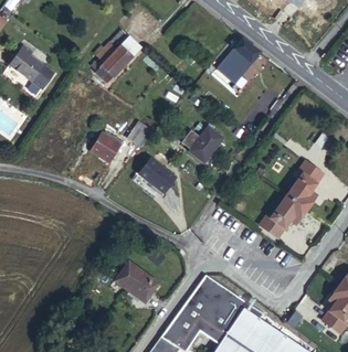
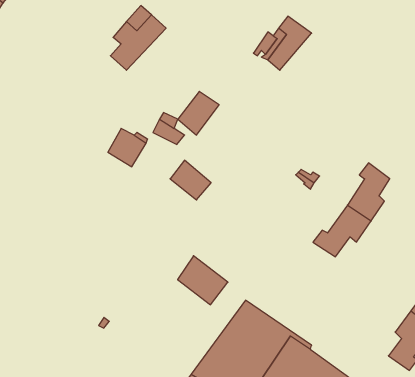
building: [10,46,46,82] -> none
building: [190,126,224,162] -> [178,91,219,135]
building: [117,263,159,303] -> [178,256,228,305]

